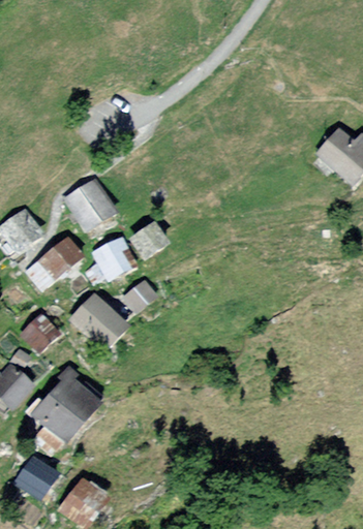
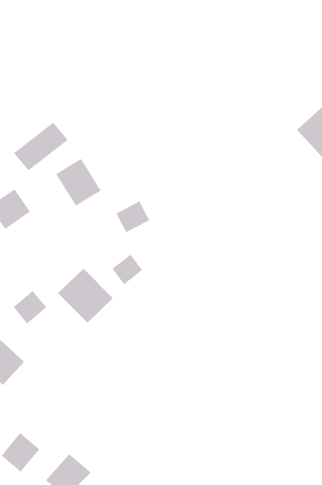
building: [96,236,139,276] -> none
building: [28,237,85,287] -> [13,122,69,171]
building: [32,378,96,442] -> none

